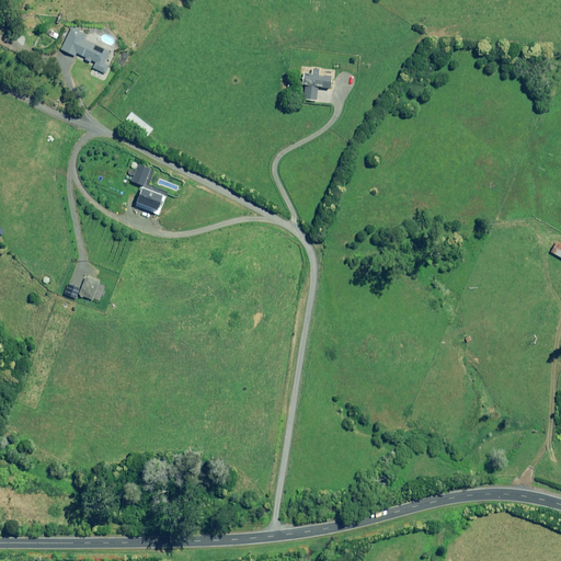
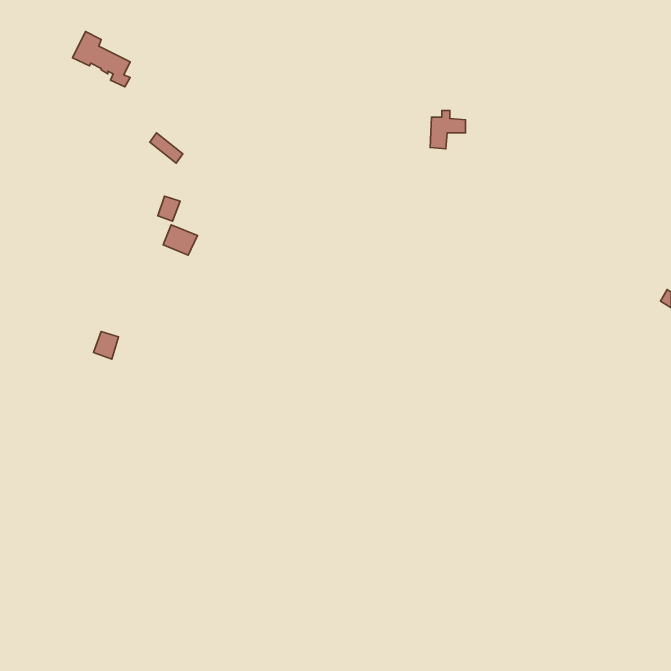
building: [302,68,332,100] -> [430,111,466,149]

